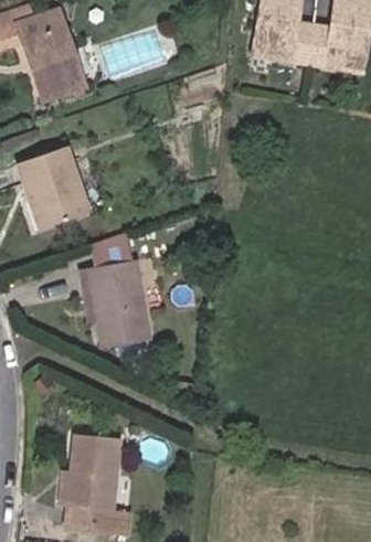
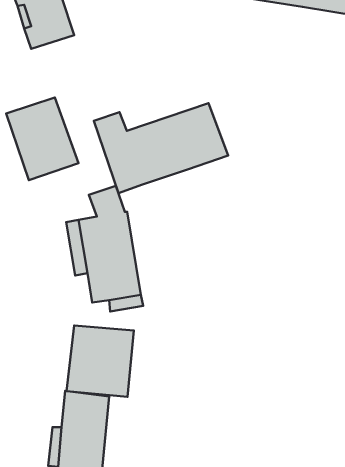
building: none -> [94,103,228,193]
building: none -> [66,325,134,397]

